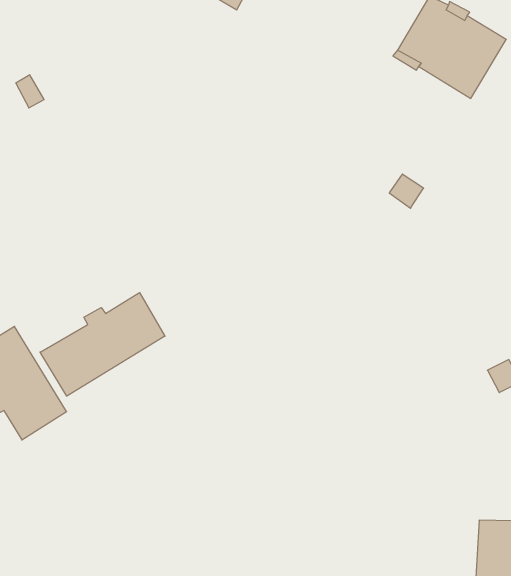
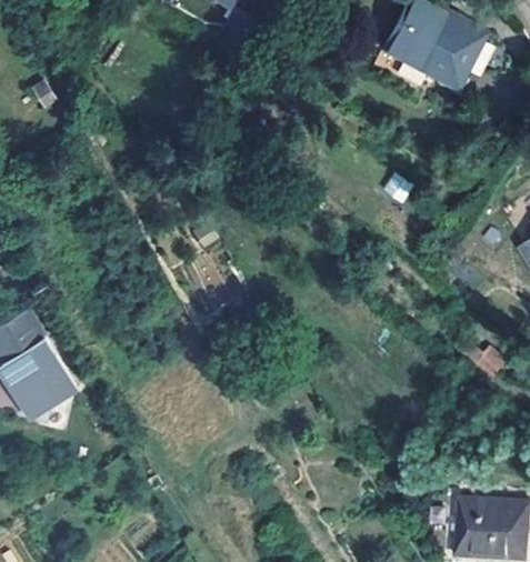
building: [40,293,165,396] -> none

